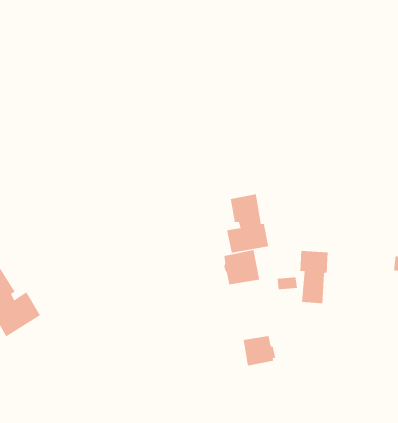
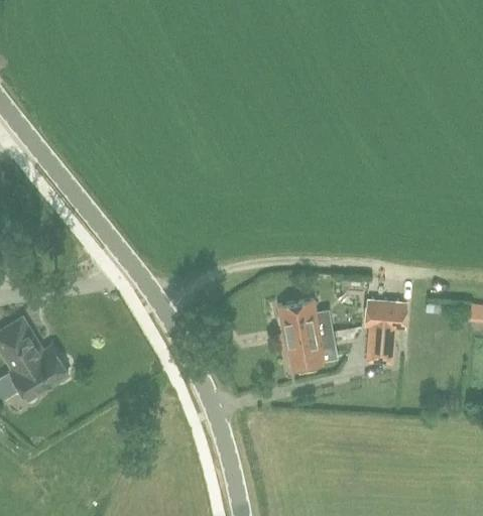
building: [227,194,269,254] -> none
building: [243,336,276,366] -> [287,334,326,369]

